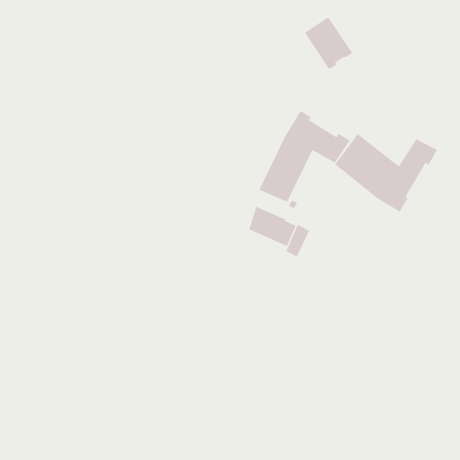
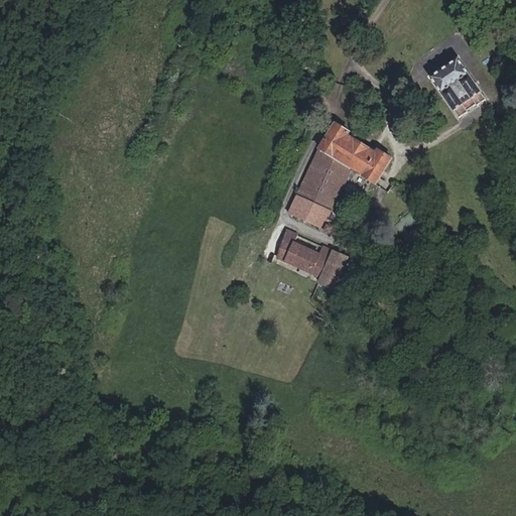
building: [304,17,353,70] -> [429,57,484,117]
building: [335,133,438,213] -> none

